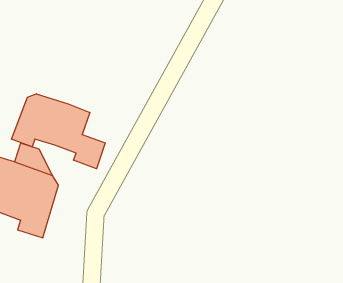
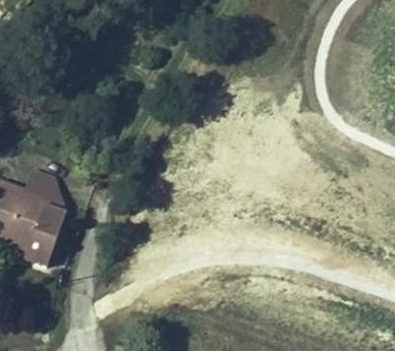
building: [11,94,105,169] -> none

